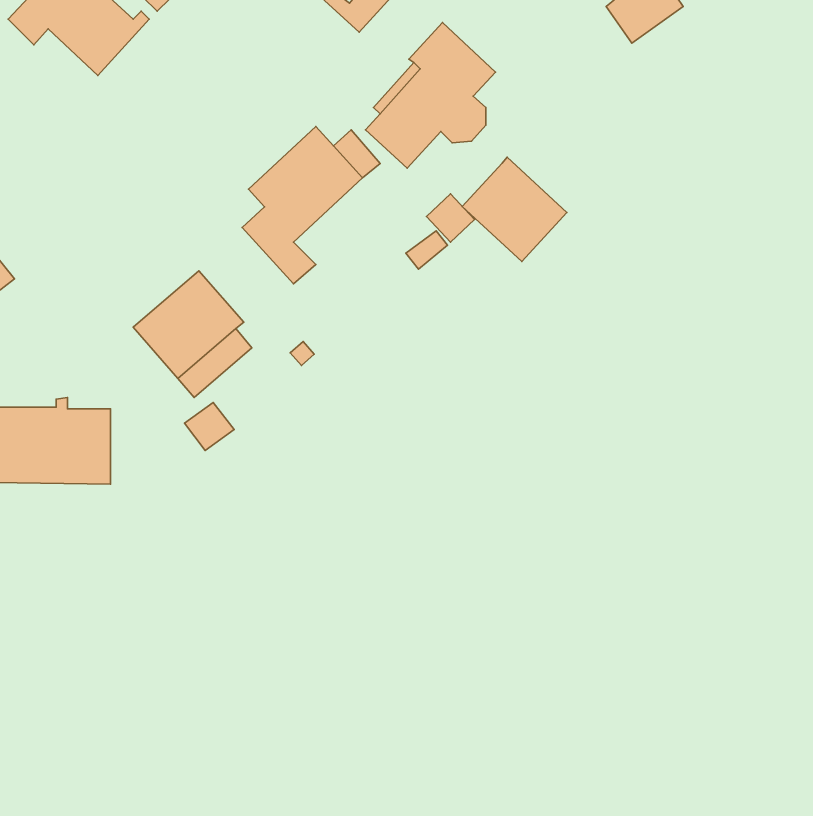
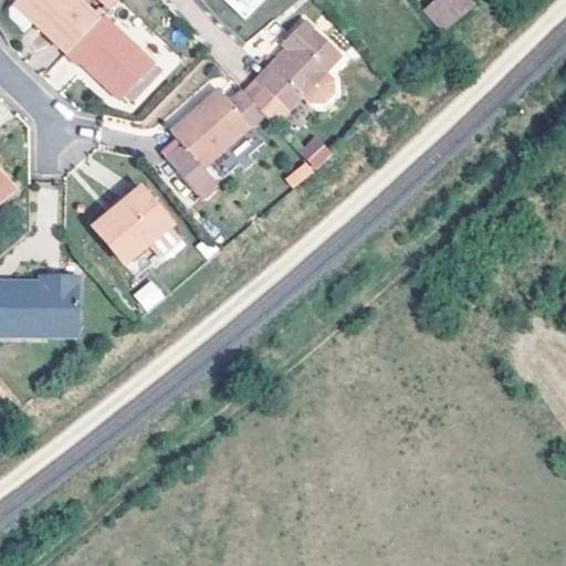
building: none -> [67,13,163,99]
building: [462,157,567,262] -> none

